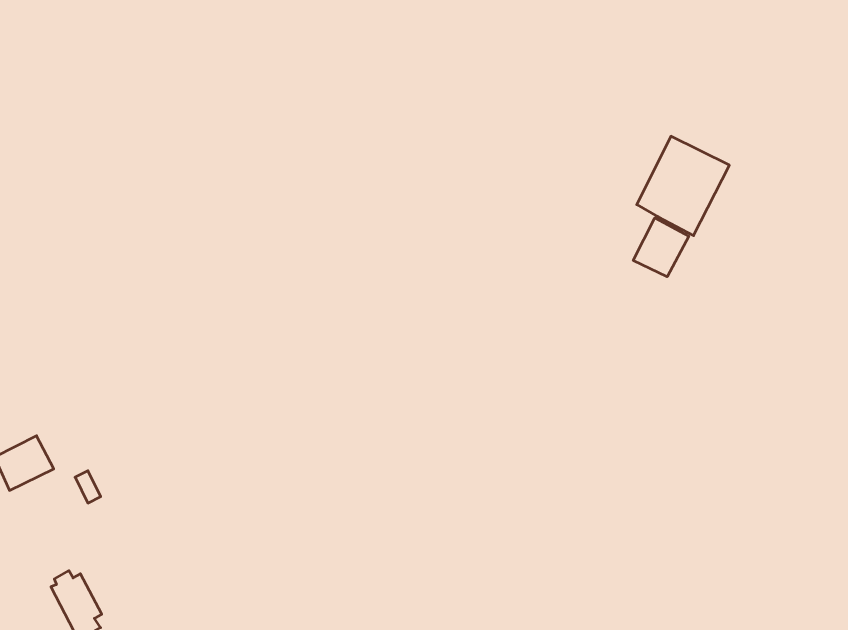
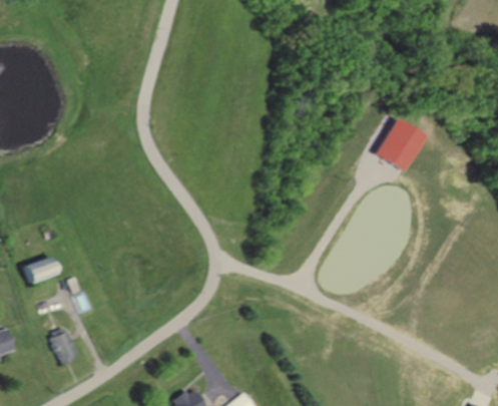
building: [633,218,689,277] -> none

